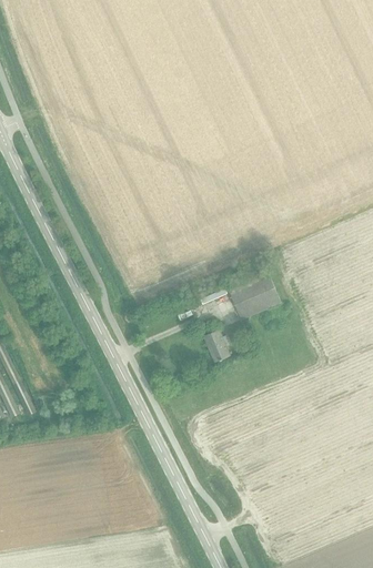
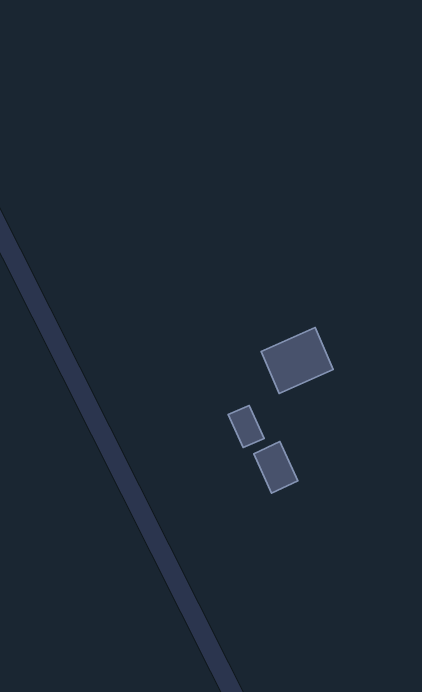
building: none -> [254,441,298,493]

